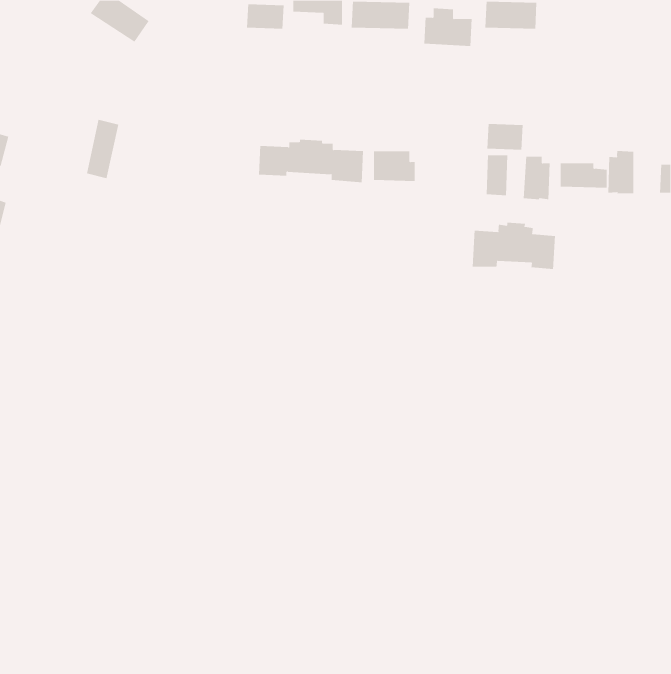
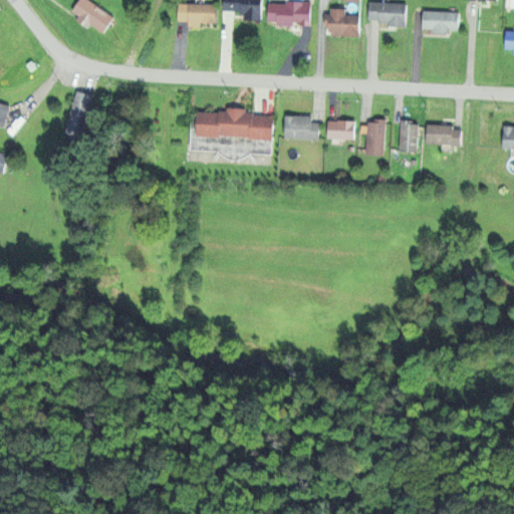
building: none -> [417,13,458,32]
building: [486,124,524,150] -> [326,120,354,141]
building: [608,150,634,194] -> none
building: [472,222,555,270] -> none

